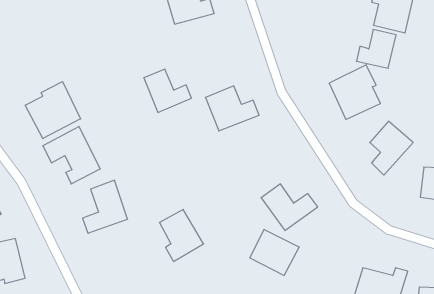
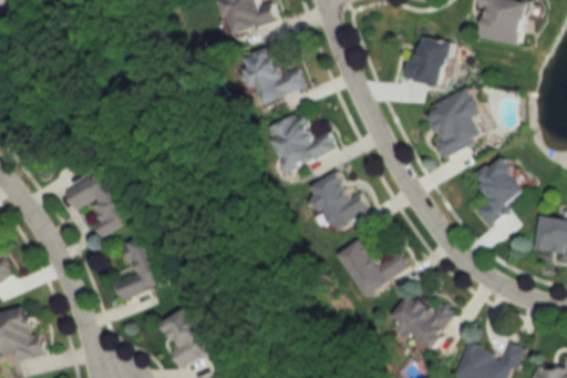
building: [356,29,396,68] -> [400,38,450,86]
building: [144,69,191,112] -> [240,50,300,104]
building: [25,82,81,139] -> none
building: none -> [309,171,368,229]
building: [159,209,204,261] -> [162,304,217,369]
building: [250,229,299,275] -> [389,290,451,348]

